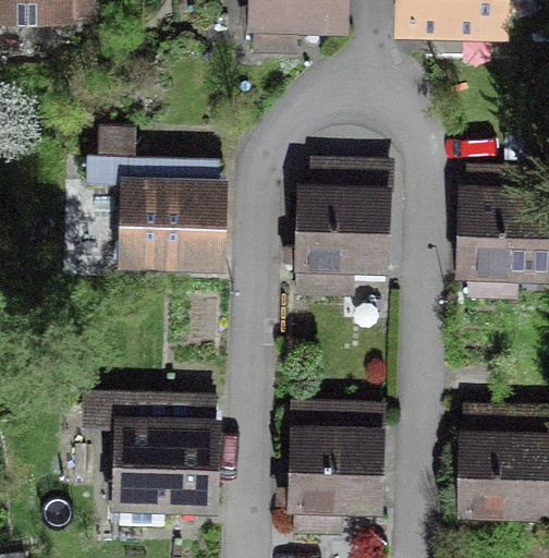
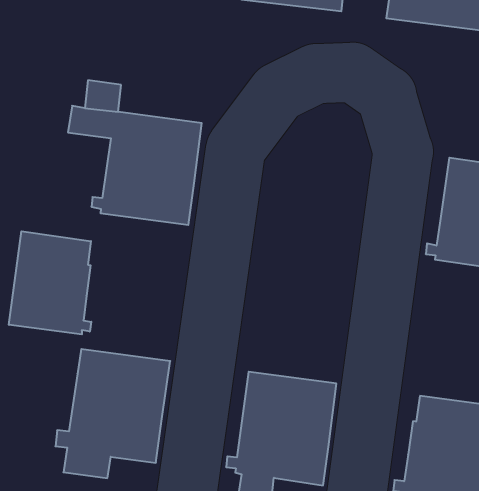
building: [298,165,390,293] -> none
building: none -> [9,231,91,334]

